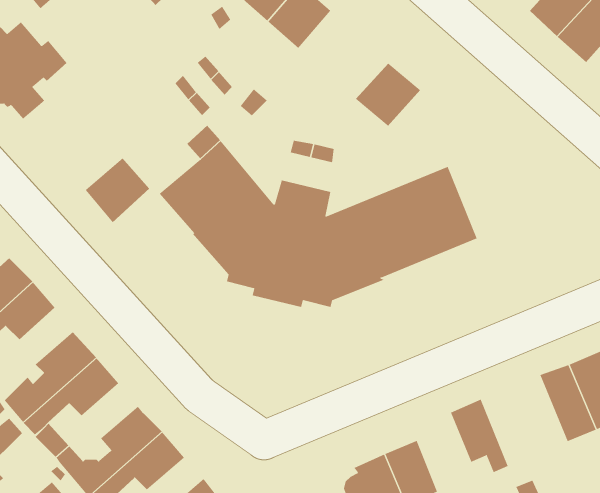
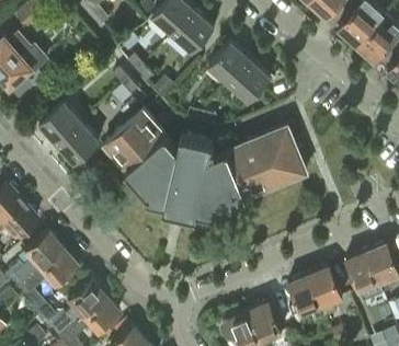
building: none -> [208,42,249,83]
building: none -> [38,101,80,141]
building: none -> [308,265,342,316]

